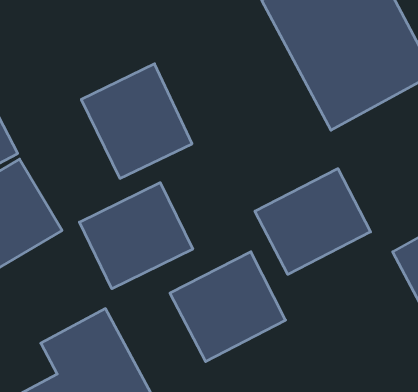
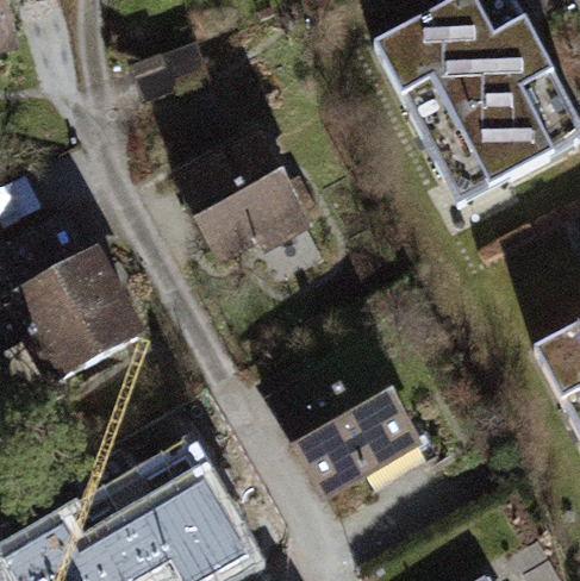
building: [255,169,371,274] -> none
building: [79,183,193,289] -> none

